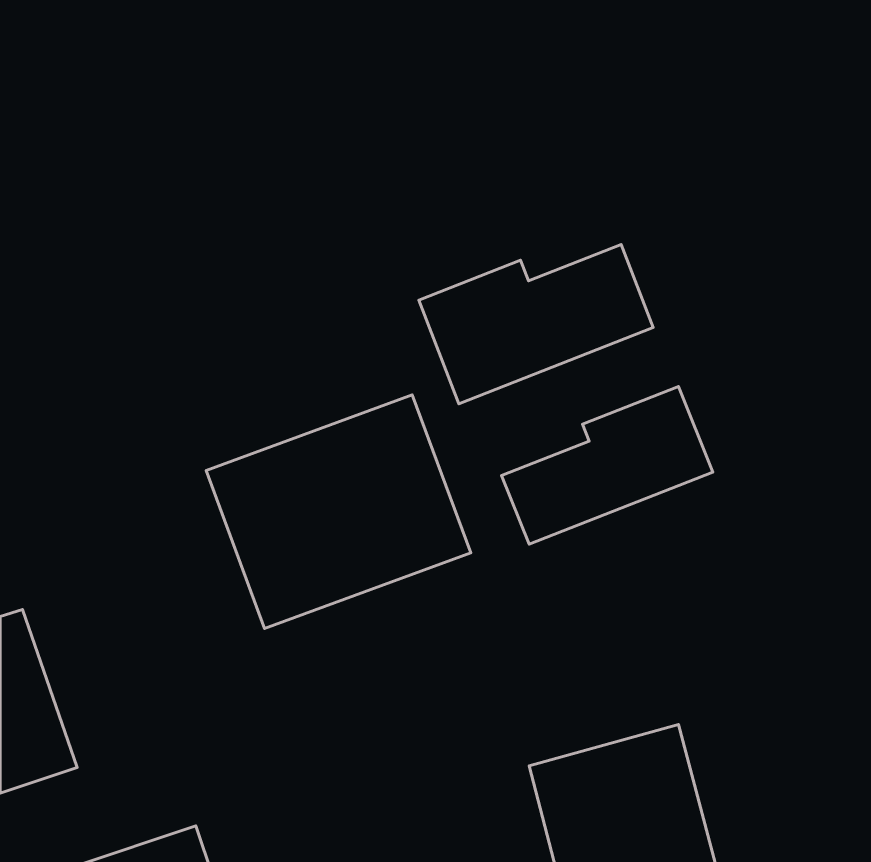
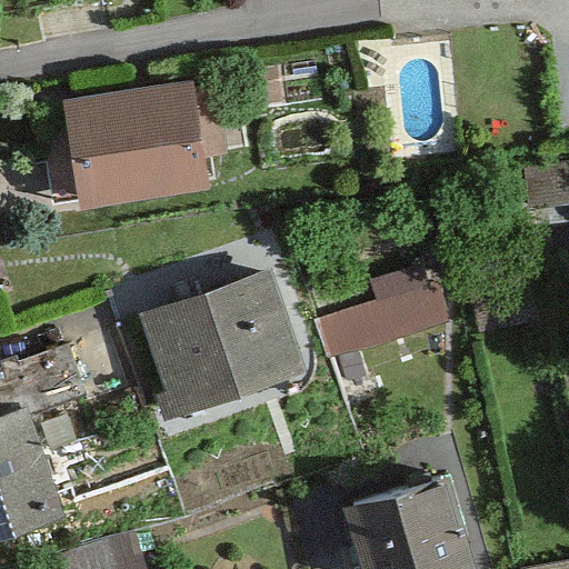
building: none -> [62,87,199,203]
building: [419,245,653,404] -> none

